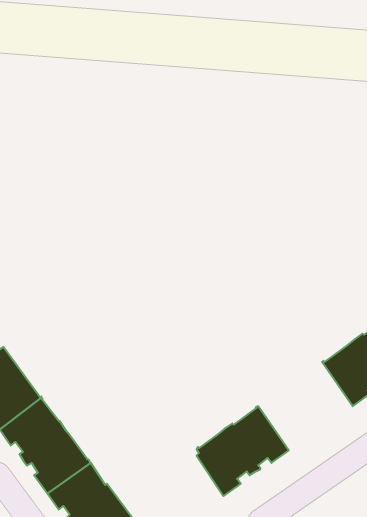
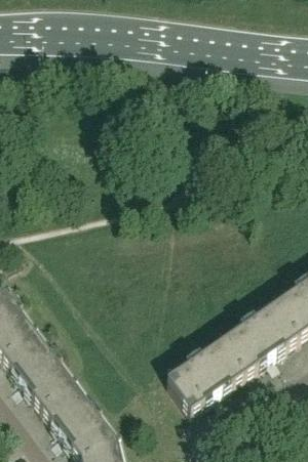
building: none -> [216,304,295,378]

